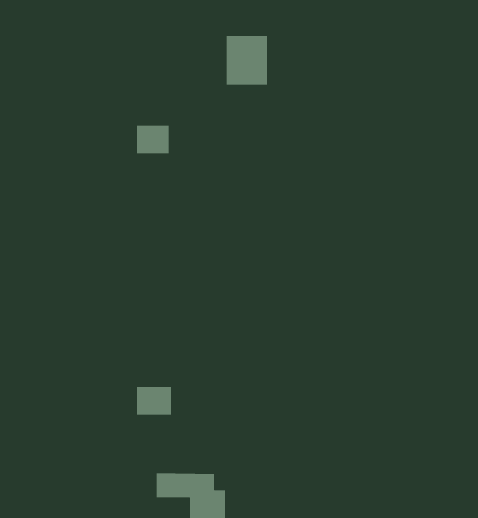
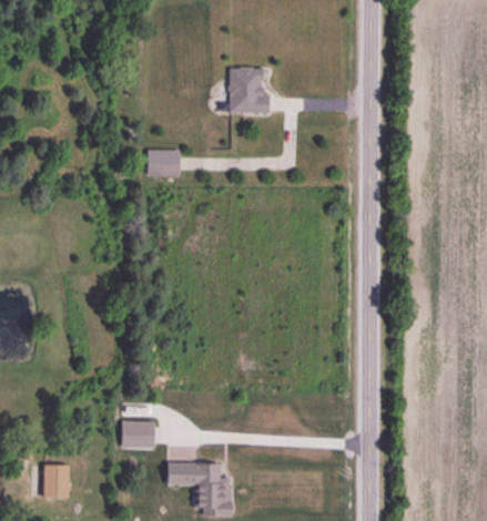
building: [136,386,172,416] -> [122,421,154,448]
building: none -> [43,466,69,498]

